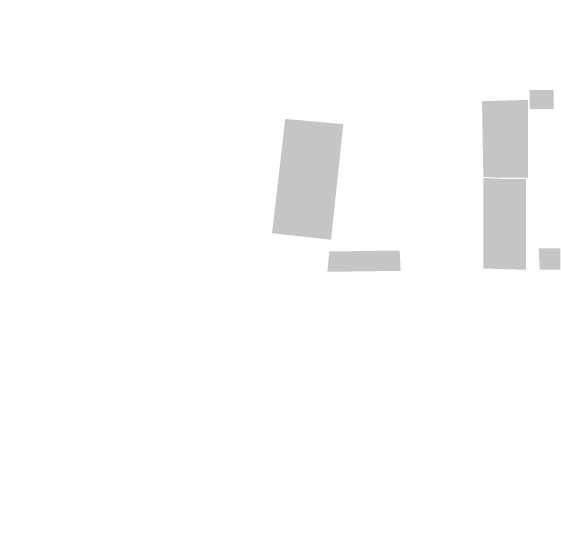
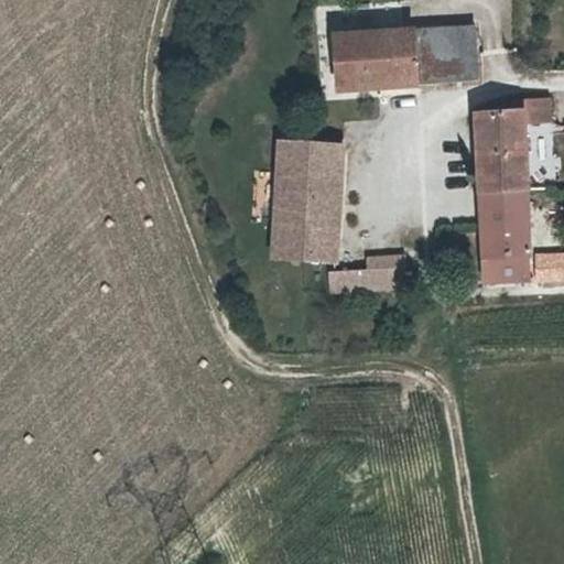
building: none -> [341,28,481,86]

